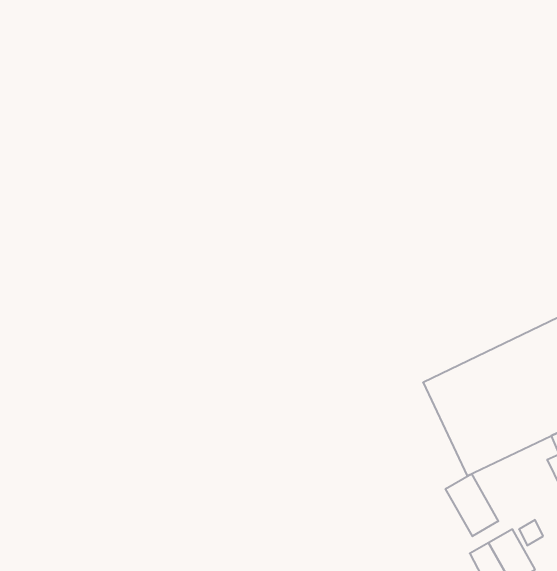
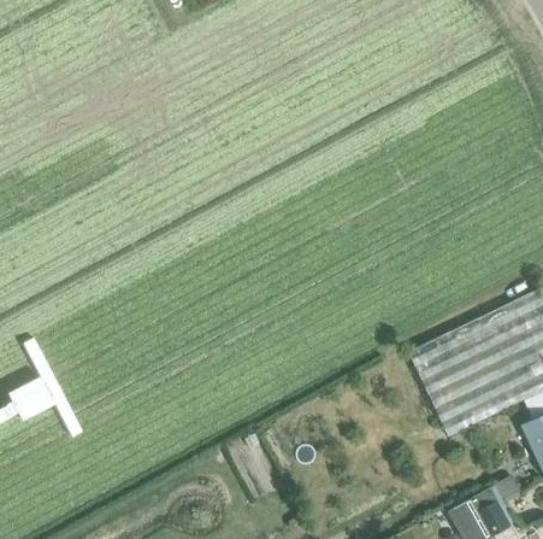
building: [446,474,498,536] -> none

